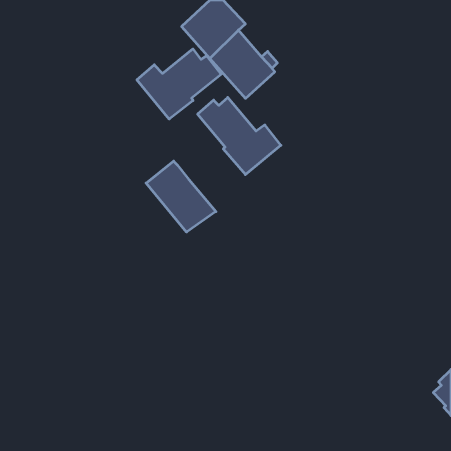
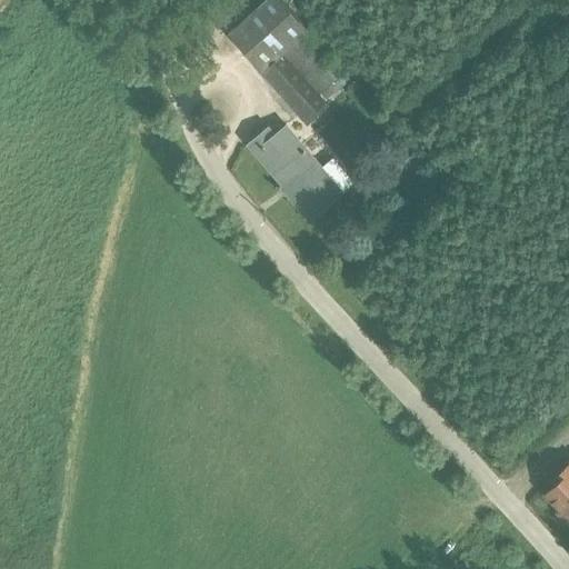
building: [137,49,221,119] -> none
building: [146,161,216,232] -> none

